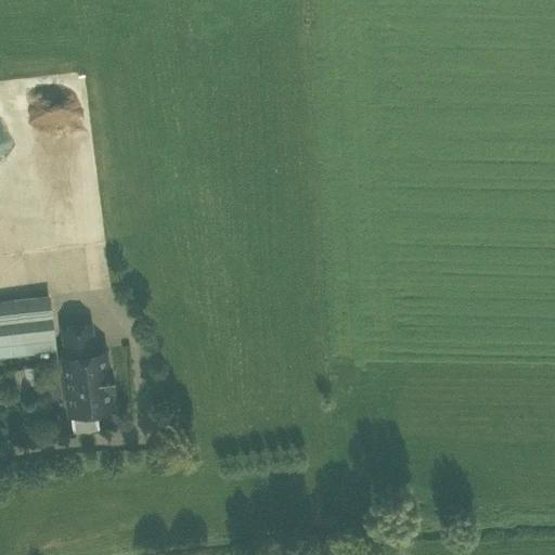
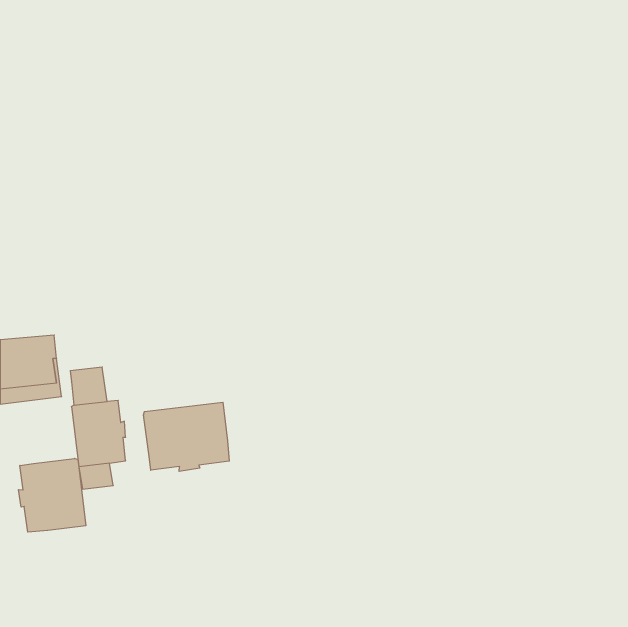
building: none -> [144,402,229,471]
building: none -> [18,458,86,532]

